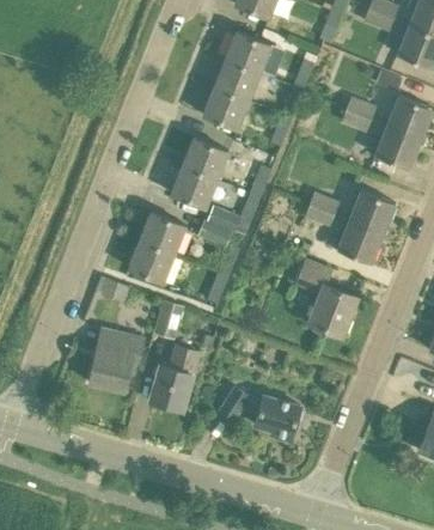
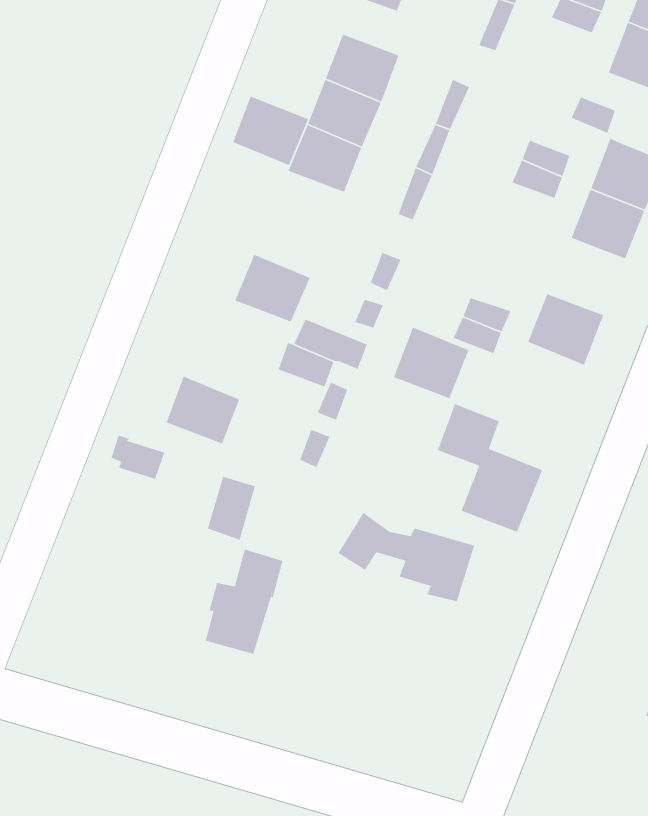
building: [182,138,228,181] -> [232,95,309,166]
building: [139,213,185,255] -> none
building: [336,220,383,264] -> [393,326,470,399]
building: [88,331,142,391] -> none
building: [216,386,300,441] -> [338,512,475,602]

